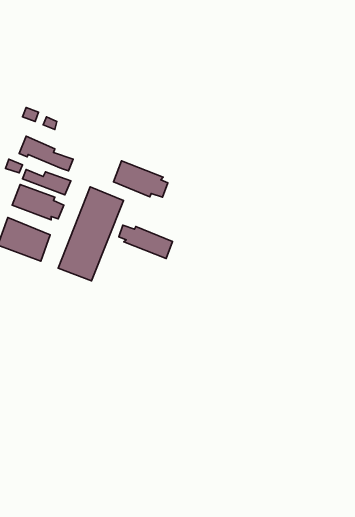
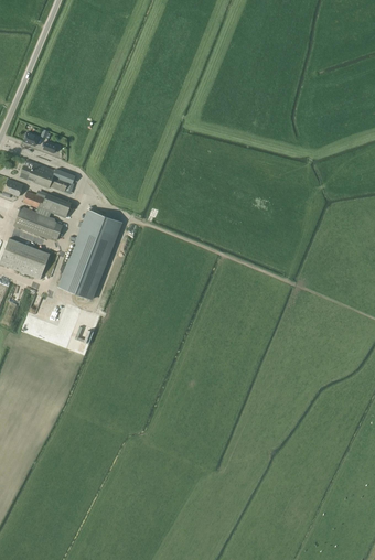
building: [113,161,168,197] -> none
building: [119,225,173,258] -> none

